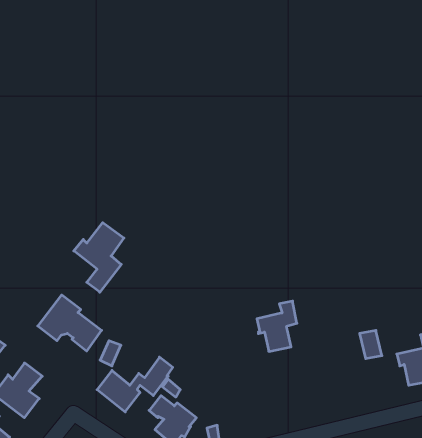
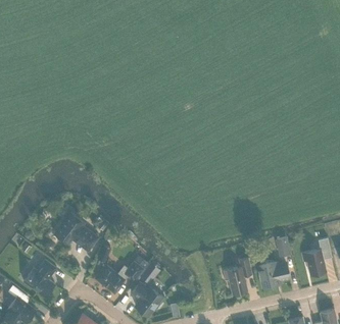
building: [74,223,124,292] -> none
building: [257,301,297,351] -> [224,259,251,293]
building: none -> [258,262,289,286]

